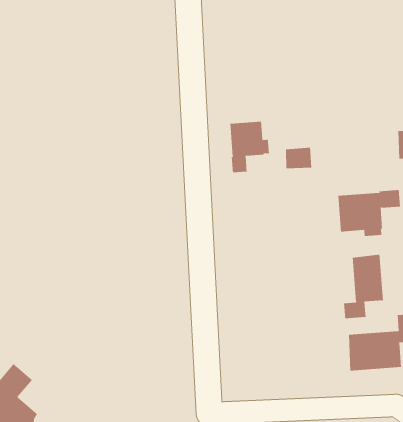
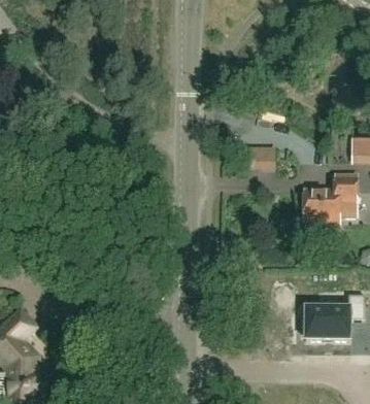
building: [230,121,269,173] -> none
building: [344,254,383,319] -> none

